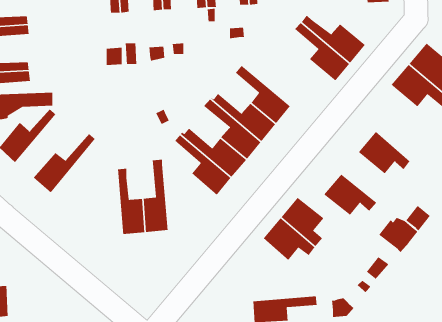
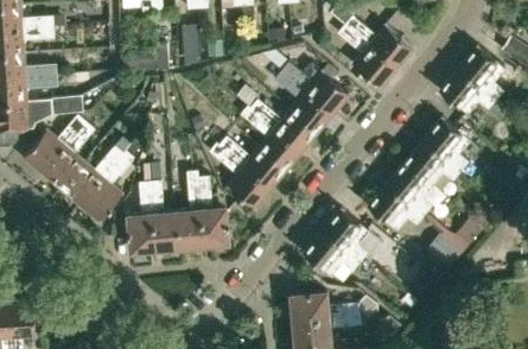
building: none -> [281,63,350,114]
building: none -> [424,119,470,172]
building: none -> [42,122,94,190]
building: none -> [79,148,135,222]
building: none -> [387,163,433,216]
building: none -> [198,174,229,246]
building: none -> [127,180,155,252]
building: none -> [291,292,361,321]

